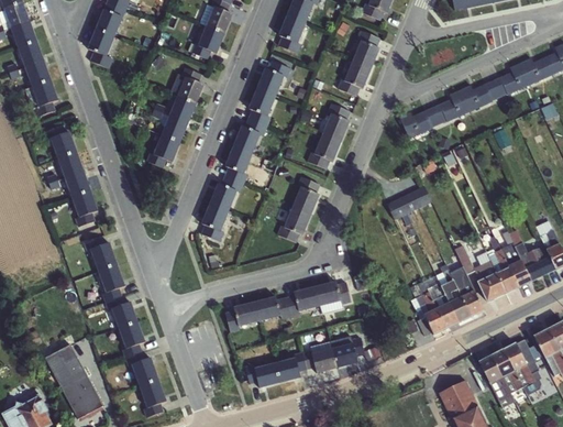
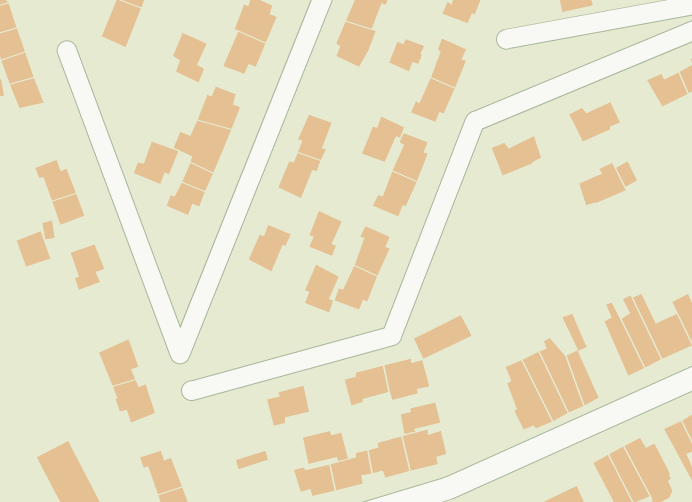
building: [88,29,115,68] -> [172,32,208,83]
building: none -> [388,38,425,72]
building: [257,59,291,96] -> [361,116,405,162]
building: [493,63,532,96] -> none
building: [24,80,58,116] -> none
building: [433,89,471,123] -> [579,162,627,206]
building: none -> [133,141,179,185]
building: [225,146,252,183] -> [309,210,343,257]
building: [64,168,91,197] -> [16,231,51,267]
building: [388,183,434,218] -> [413,314,472,360]
building: [201,202,229,241] -> [304,264,340,313]
building: [84,236,118,275] -> none
building: [473,259,506,303] -> none
building: [254,295,290,321] -> [302,431,349,464]
building: none -> [400,402,441,435]
building: [119,322,146,357] -> none

